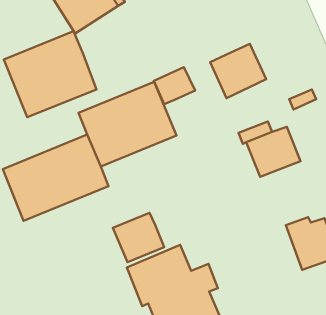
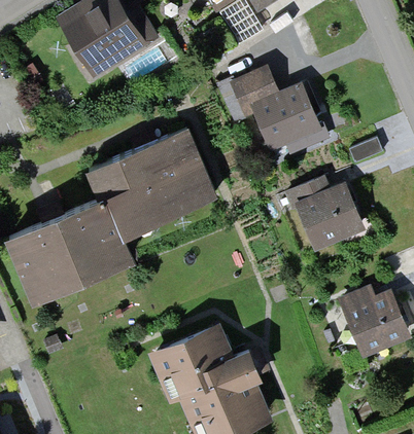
building: [4,31,97,117] -> none
building: [154,67,195,104] -> [230,70,279,114]
building: [113,213,164,262] -> none

